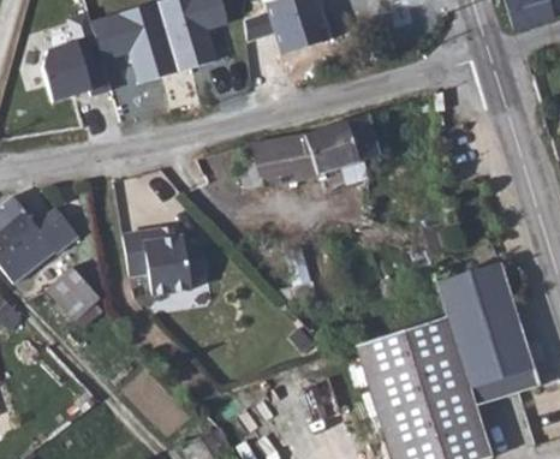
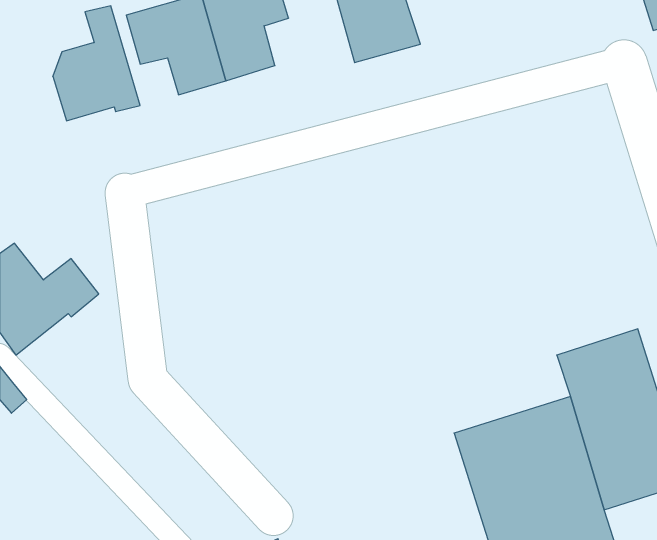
building: [237,114,381,187] -> none
building: [123,230,207,296] -> none
building: [47,266,100,320] -> none

